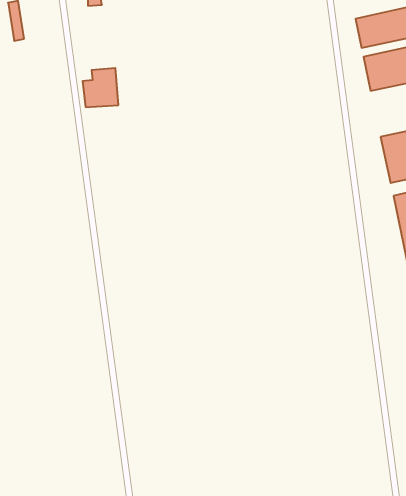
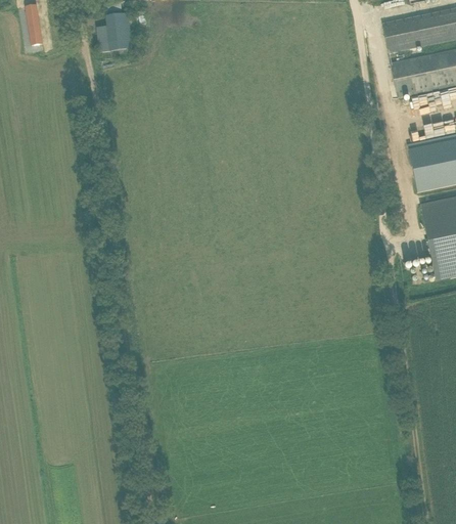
building: [83,68,118,107] -> [97,12,134,52]

